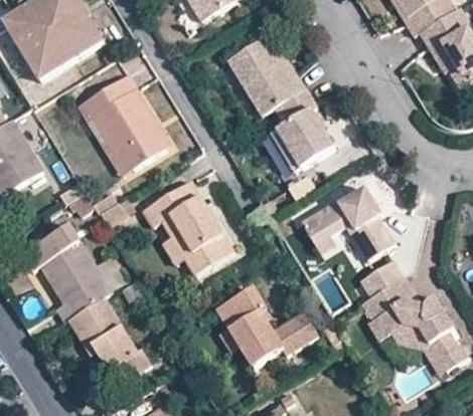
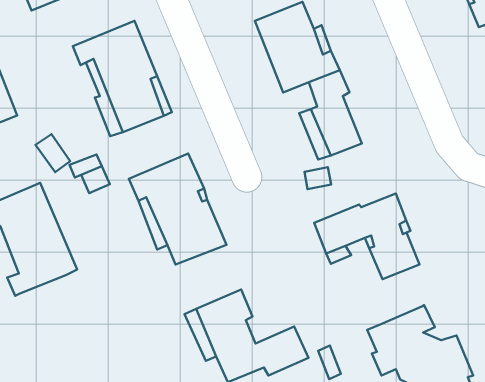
building: [360,259,405,297] -> none
building: [65,297,149,382] -> none

